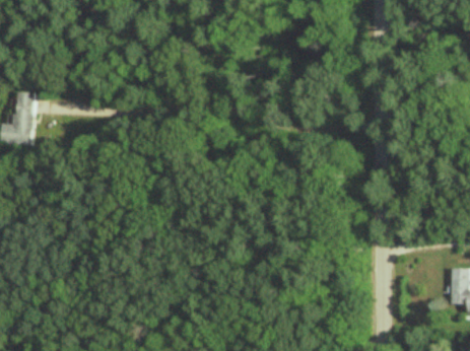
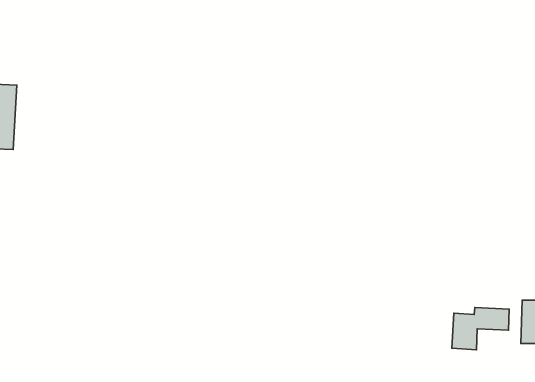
building: none -> [452,308,509,350]

